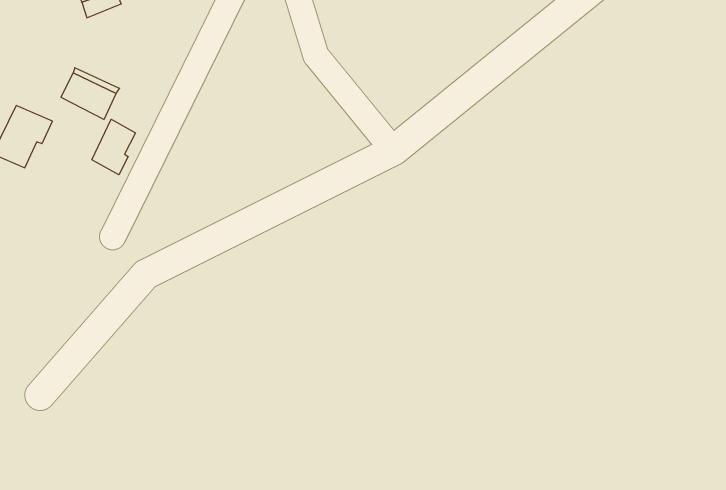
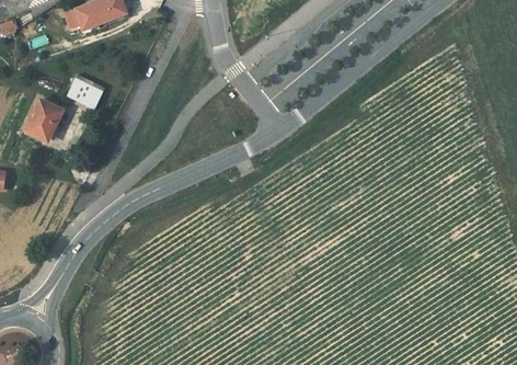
building: [92,119,135,175] -> none

